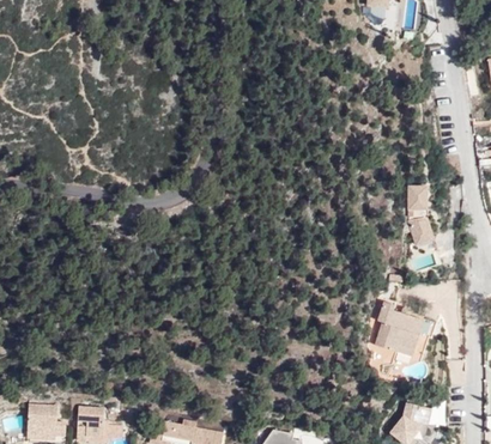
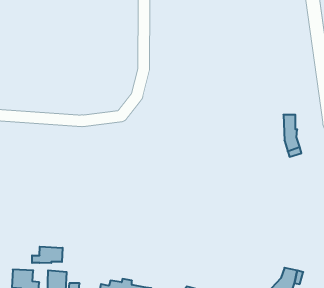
building: [372,304,422,359] -> none
building: none -> [32,247,63,263]

